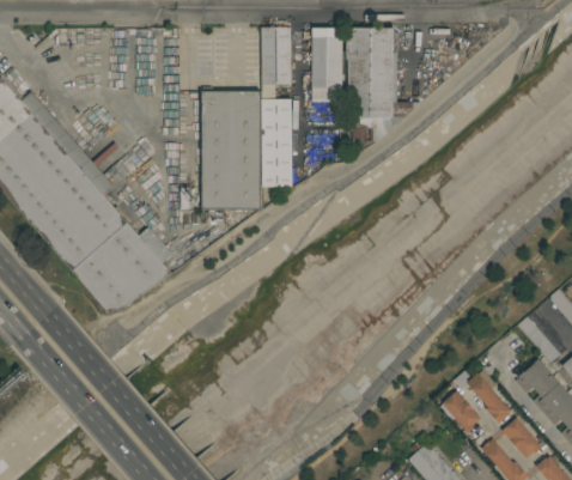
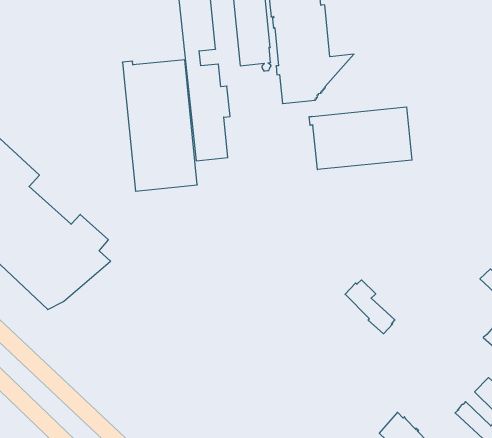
building: none -> [309,107,412,170]
building: [467,370,511,423] -> [345,280,395,334]
building: [442,389,481,432] -> none

